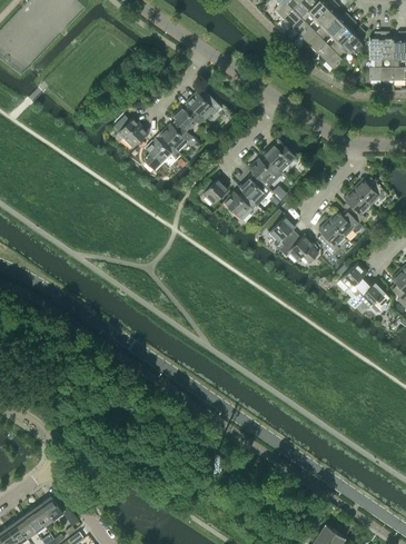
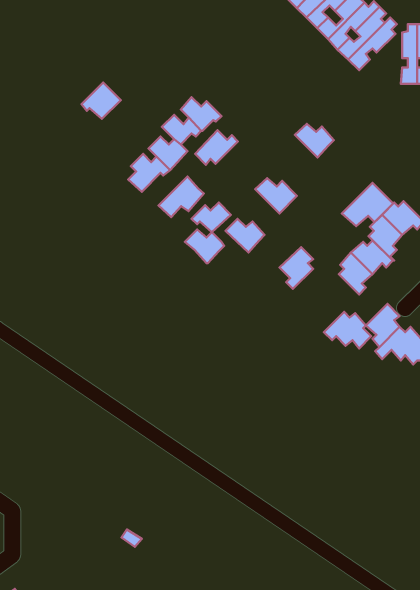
building: [116,118,148,148] -> [82,83,121,119]
building: none -> [195,130,238,165]
building: [263,145,295,172] -> [295,124,334,158]
building: none -> [158,177,204,217]
building: none -> [342,183,393,226]
building: [238,178,270,206] -> [185,230,224,263]
building: [279,234,318,264] -> [324,312,371,348]

